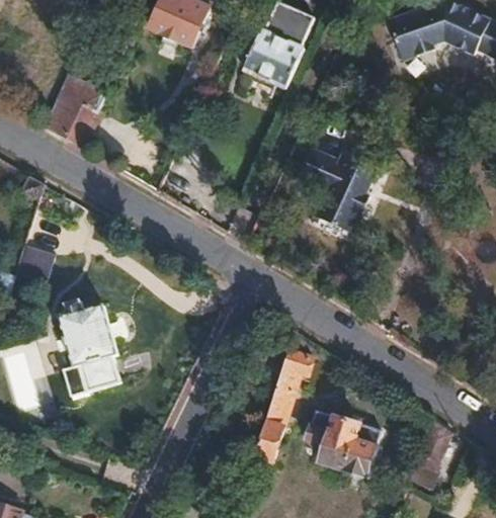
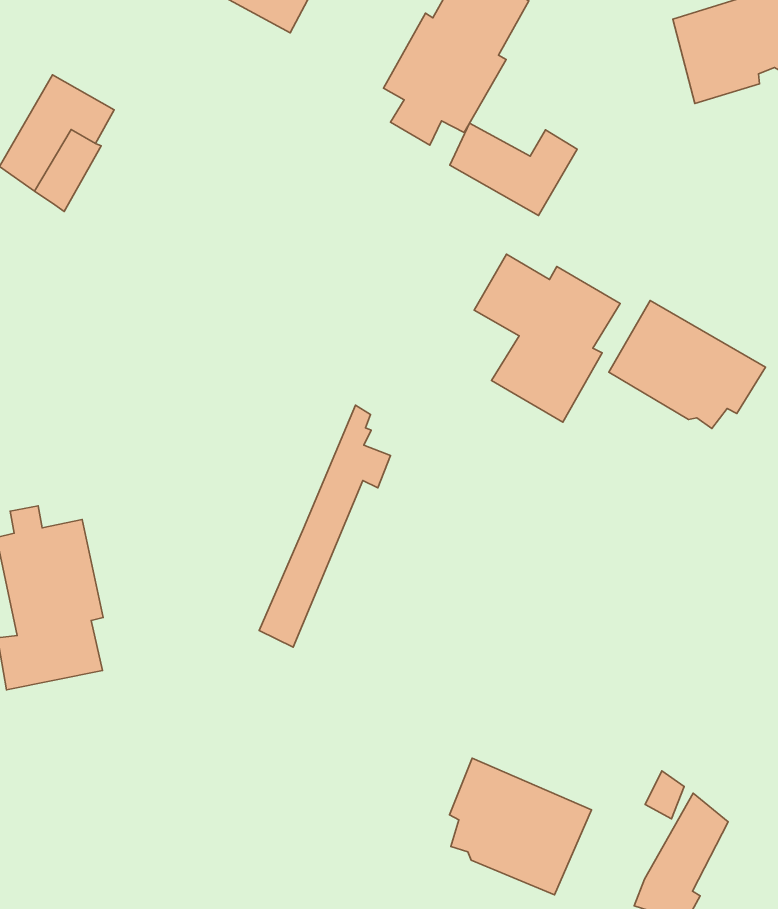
building: none -> [450,123,577,216]
building: none -> [609,301,766,429]
building: [254,331,314,458] -> [259,405,390,647]

